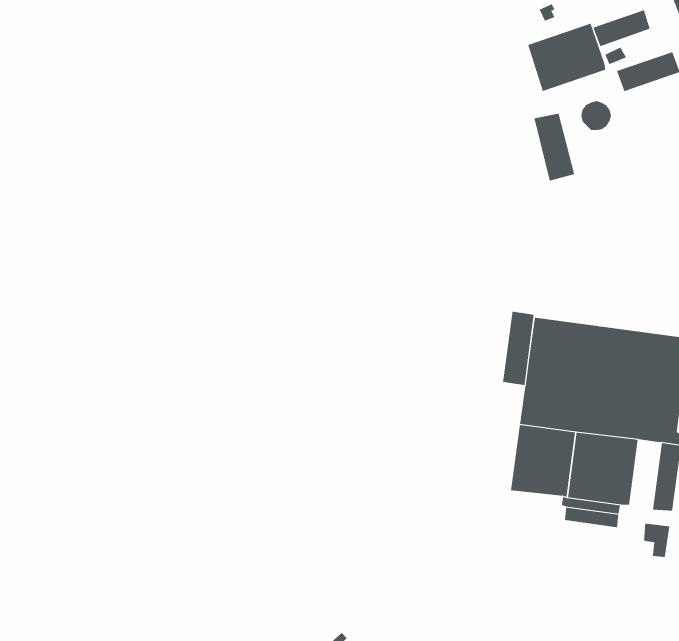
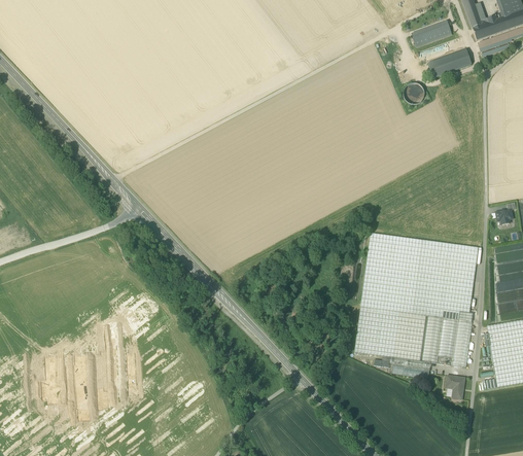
building: [528,23,606,92] -> none
building: [534,113,575,181] -> none
building: [503,311,534,386] -> none
building: none -> [437,316,457,363]

